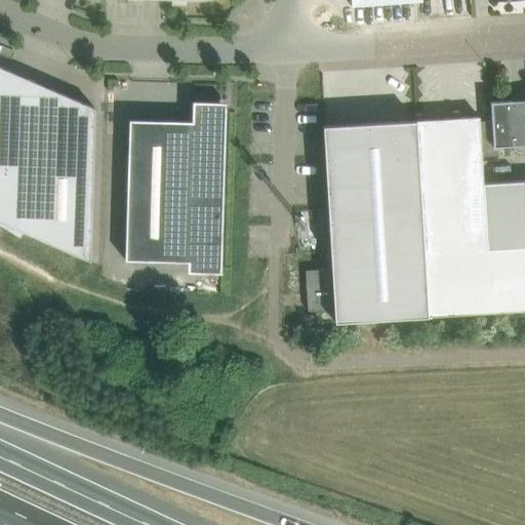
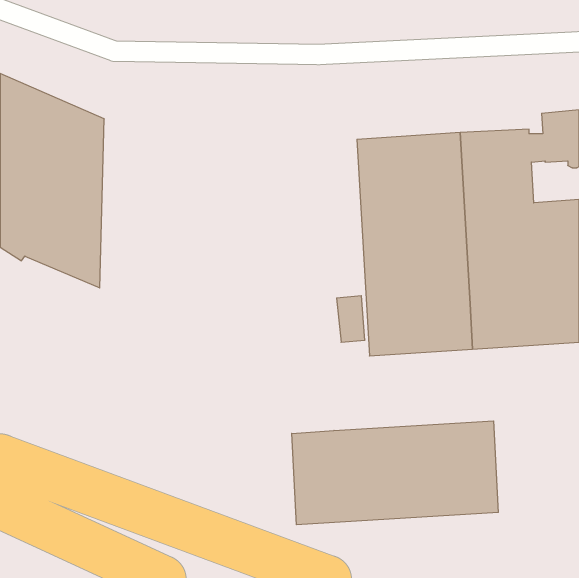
building: [125,104,226,275] -> none
building: none -> [292,421,498,525]

